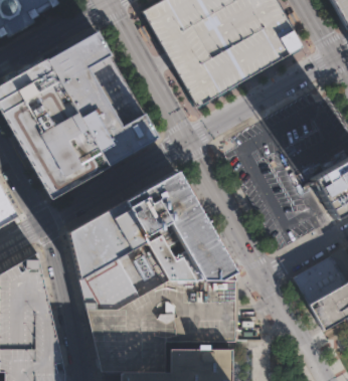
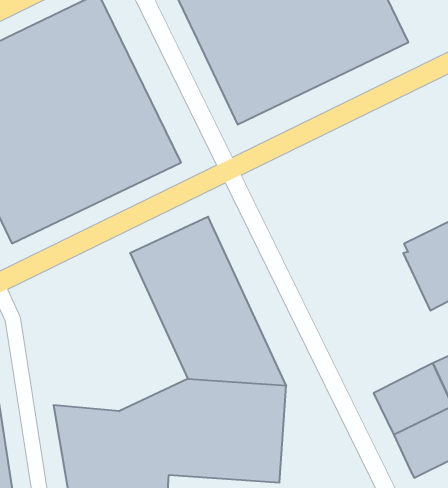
building: [67,197,172,301] -> none

